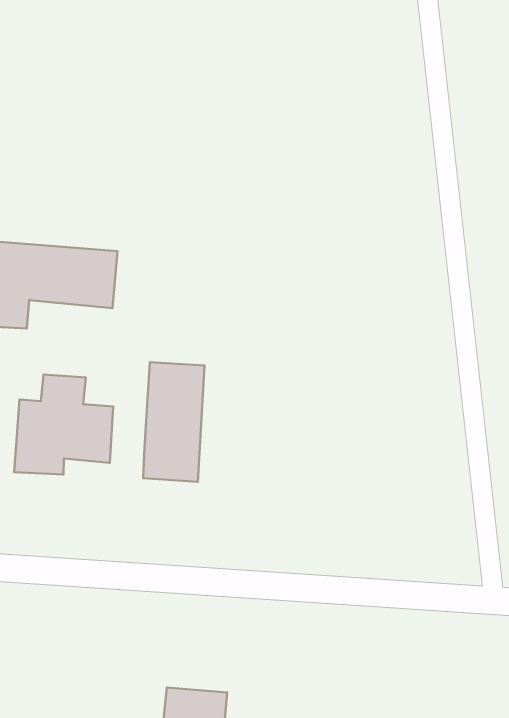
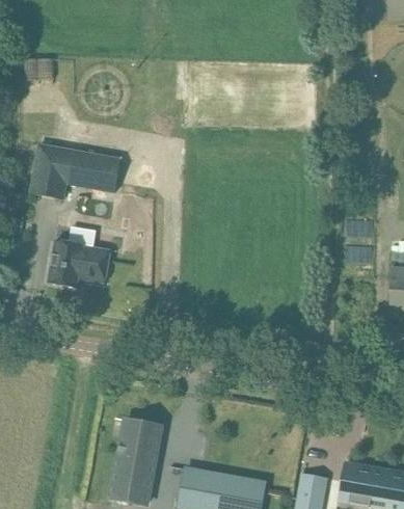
building: [143,362,204,482] -> none

